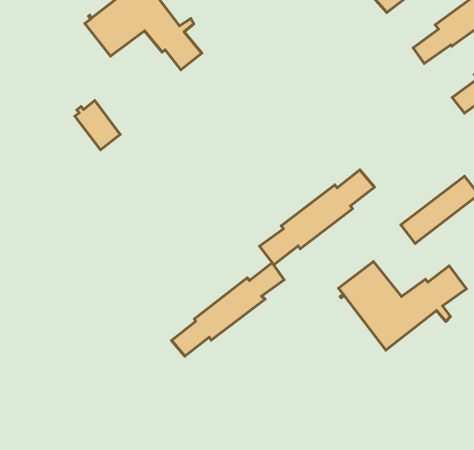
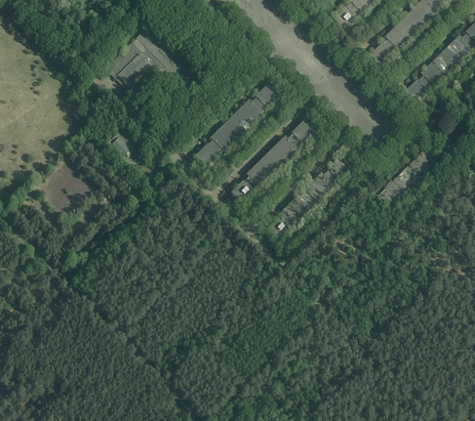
building: none -> [195,82,279,166]
building: [338,261,467,350] -> none
building: [171,263,284,356] -> [230,119,314,202]

